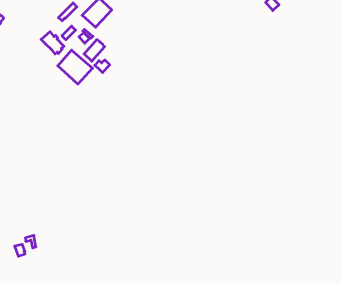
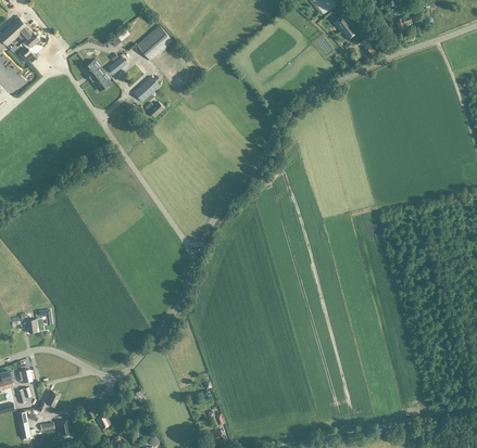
building: [58,50,93,84] -> none

